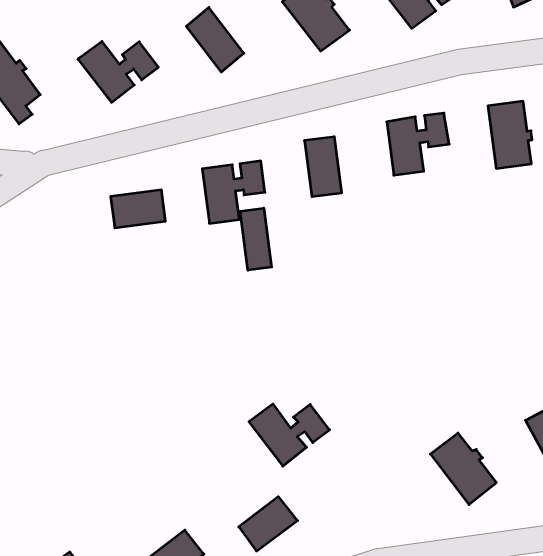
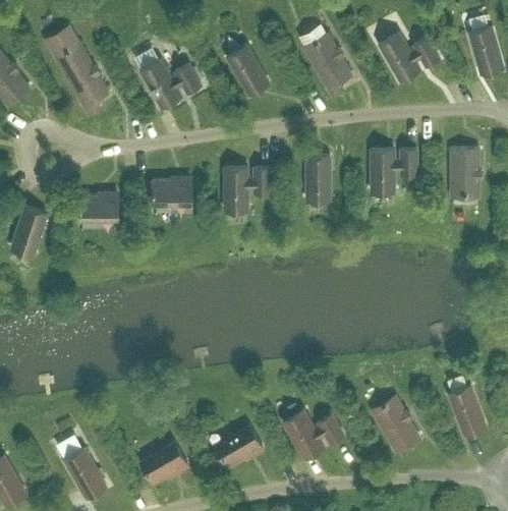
building: [240,208,272,270] -> none
building: none -> [78,195,118,220]
building: [249,404,330,466] -> [283,410,344,459]

